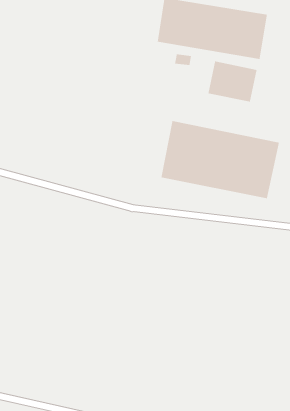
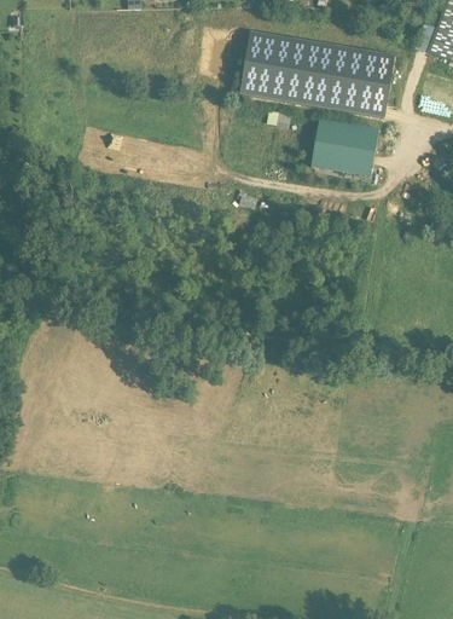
building: [160,120,280,199] -> none

